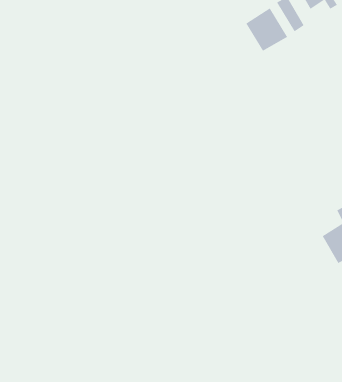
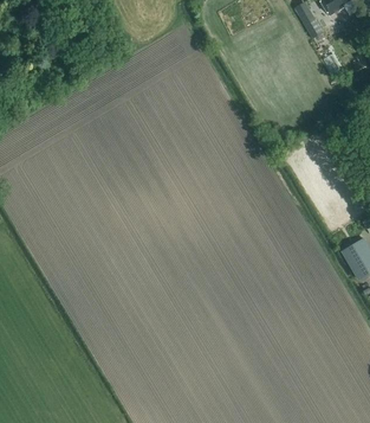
building: [246,7,288,51] -> none

